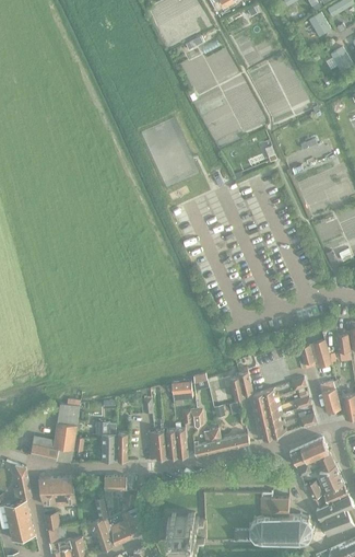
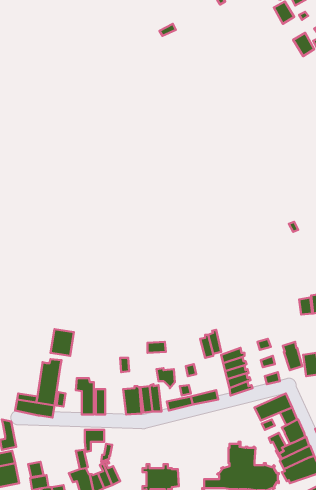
building: [298,339,330,367] -> none
building: none -> [51,329,74,356]
building: [36,476,74,504] -> none

